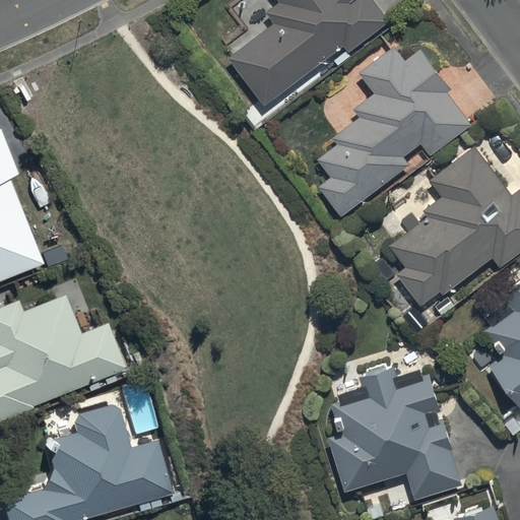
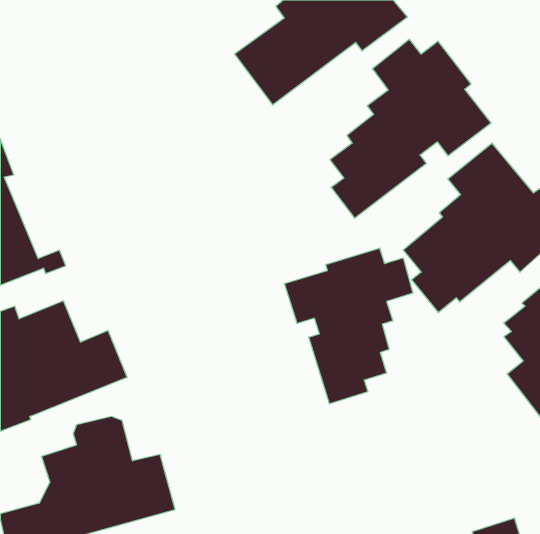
building: none -> [284,248,413,404]
building: [329,365,462,500] -> none

